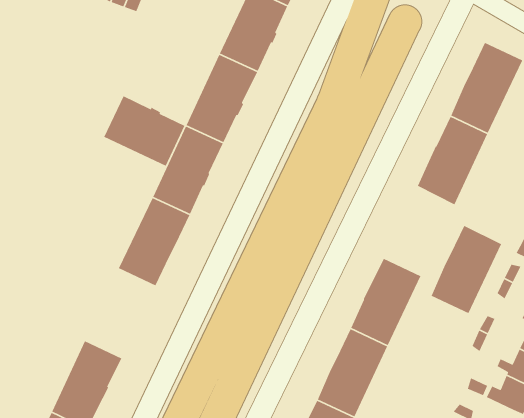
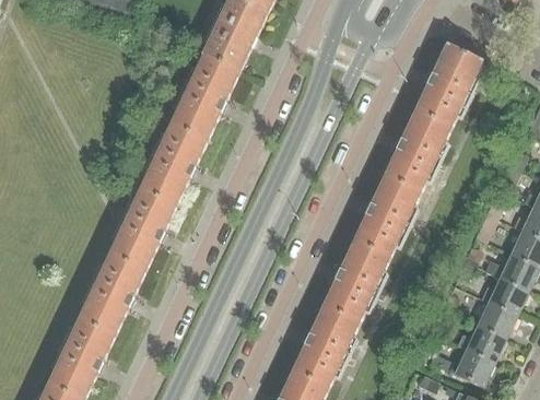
building: [103,95,186,167] -> none
building: [431,225,502,314] -> [354,176,420,258]
building: none -> [80,251,145,333]

